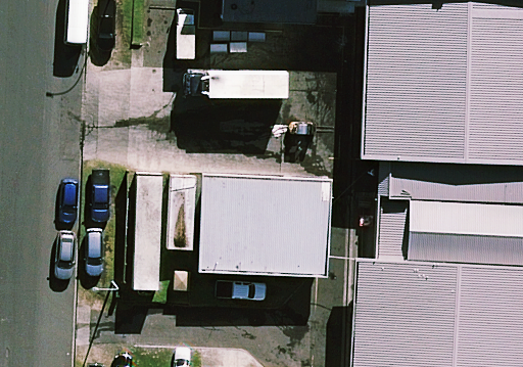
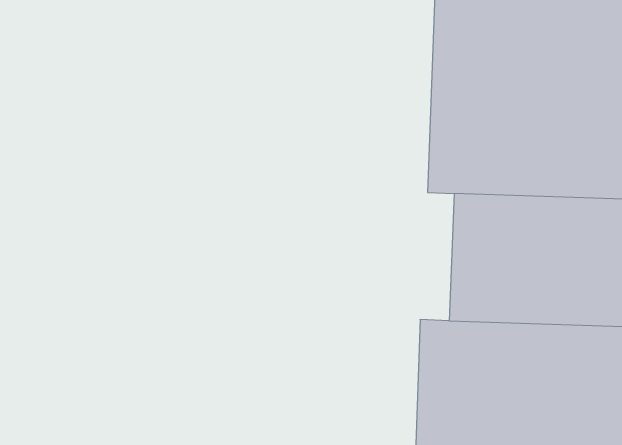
building: [193,181,335,276] -> none

